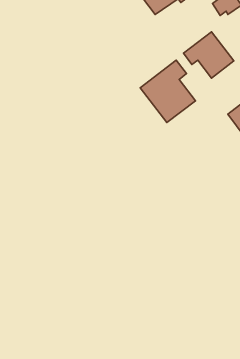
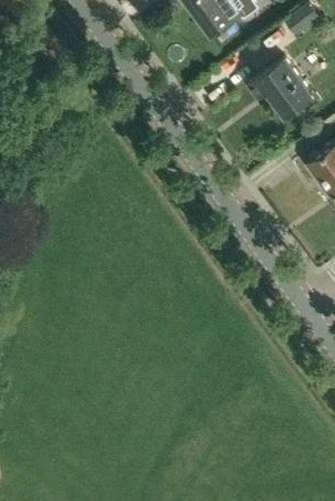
building: [140,60,195,123] -> none

